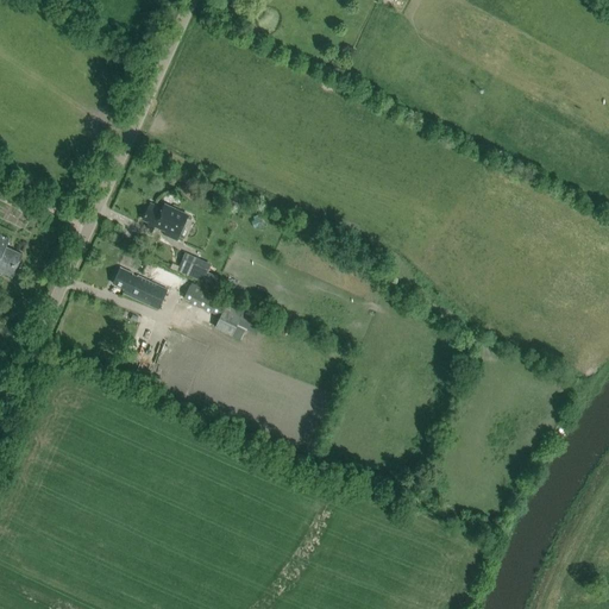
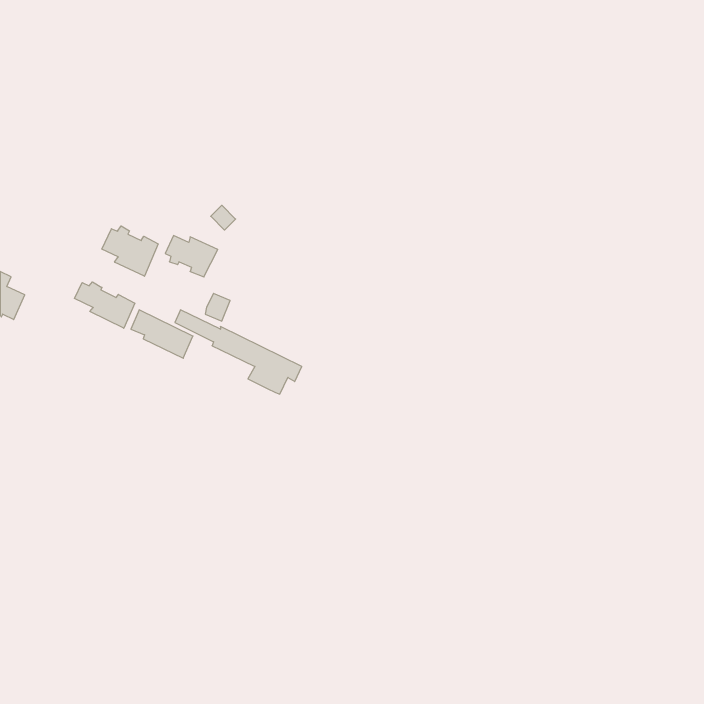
building: none -> [102,226,158,276]
building: none -> [75,282,135,328]

